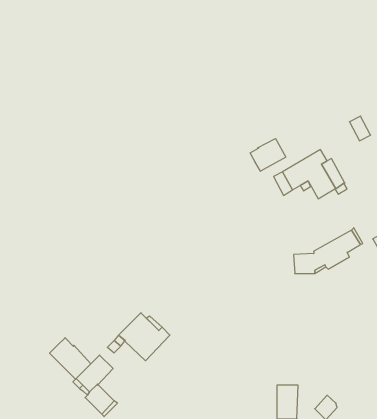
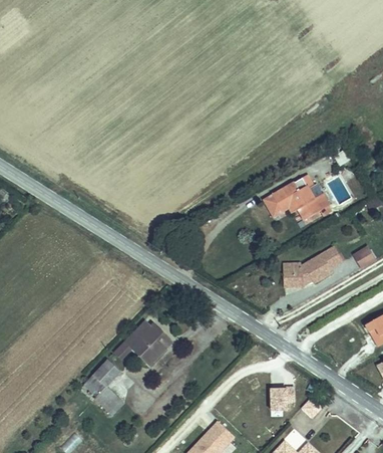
building: [250,139,286,171] -> none
building: [50,338,91,379] -> none

